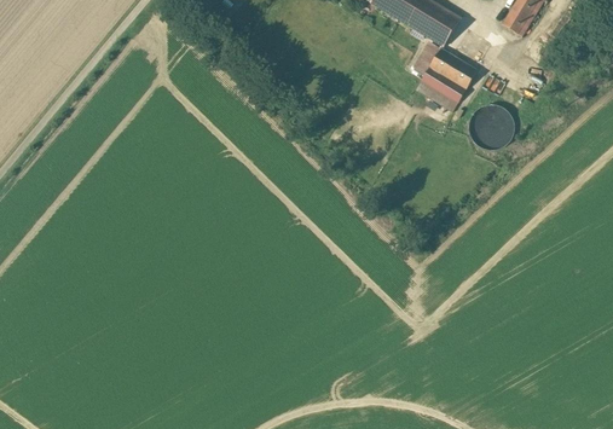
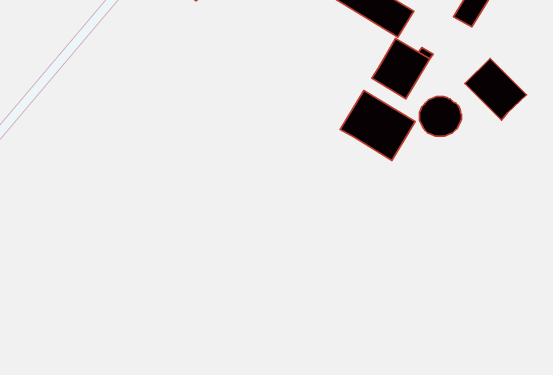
building: none -> [465,59,526,120]
building: none -> [340,91,415,161]

